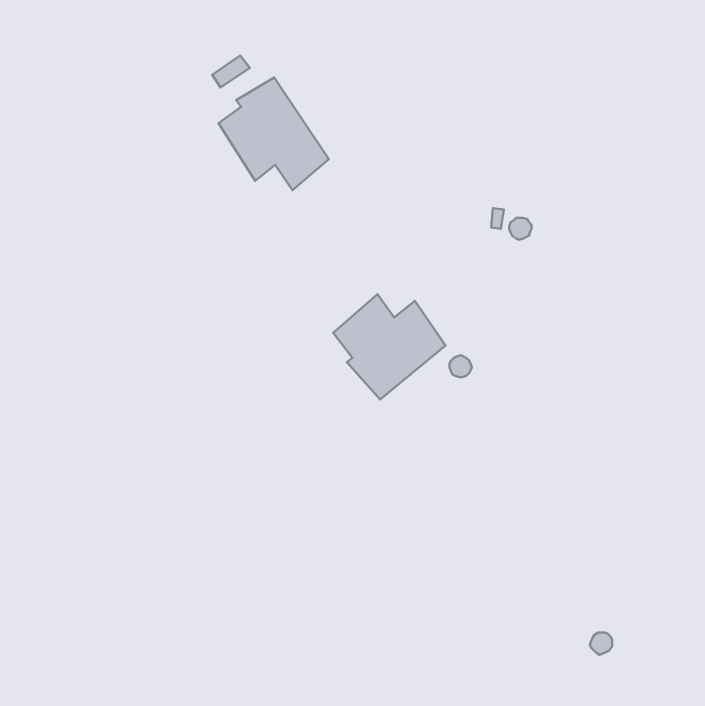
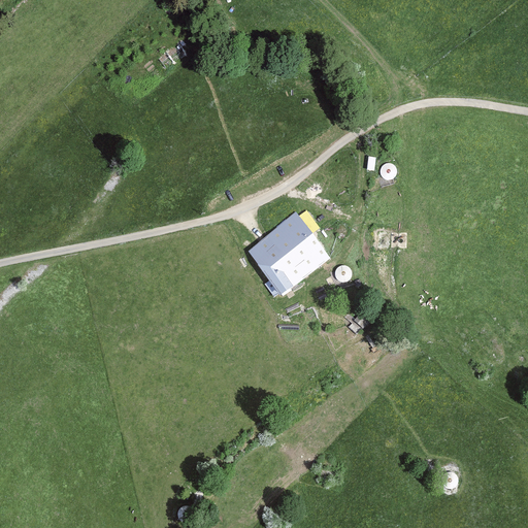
building: [218,77,329,190] -> none

